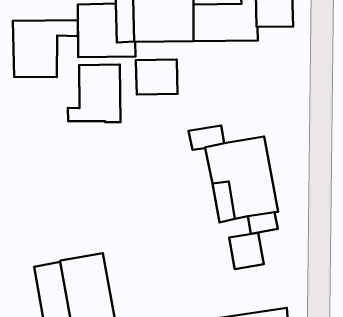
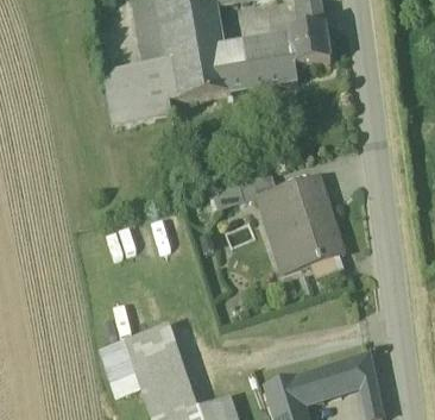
building: [13,20,78,77] -> none
building: [136,59,178,95] -> none
building: [68,64,120,122] -> none
building: [229,233,264,269] -> none

